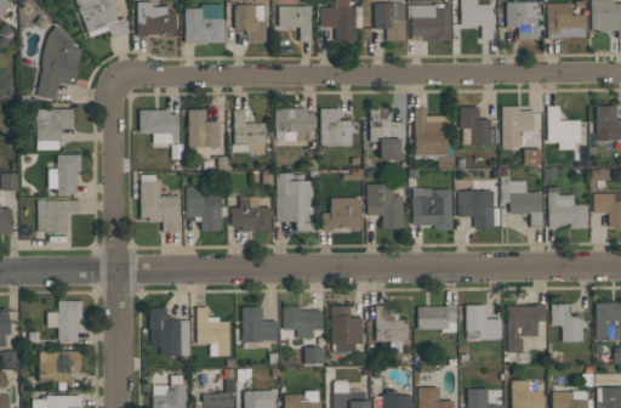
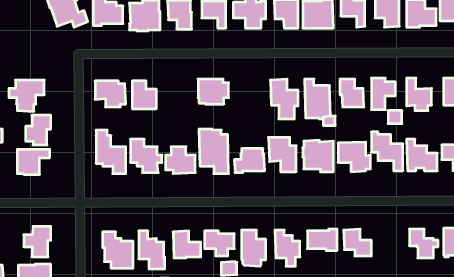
building: [38,27,84,100] -> none
building: [233,109,273,154] -> none
building: [321,109,354,146] -> none
building: [508,305,547,353] -> none

